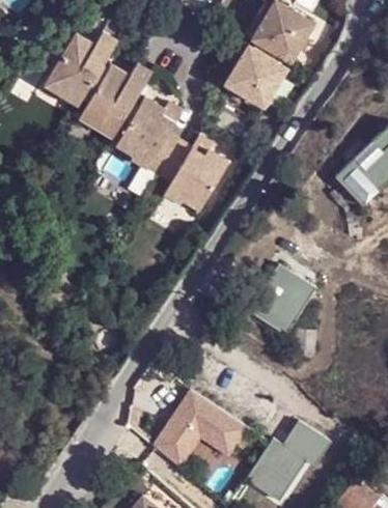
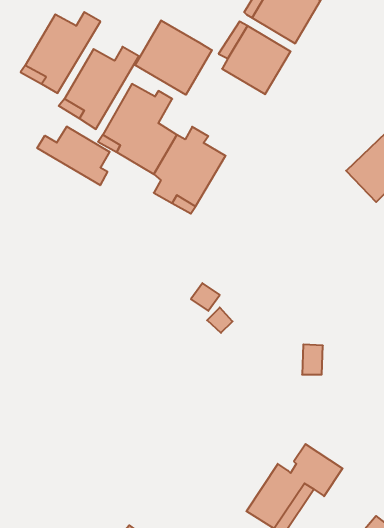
building: none -> [135,20,212,95]
building: none -> [37,126,110,185]
building: [250,267,318,337] -> none
building: [158,391,246,463] -> none

